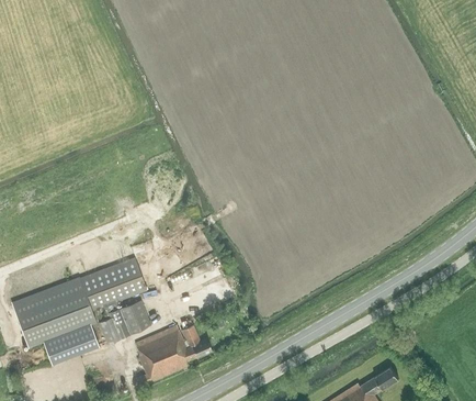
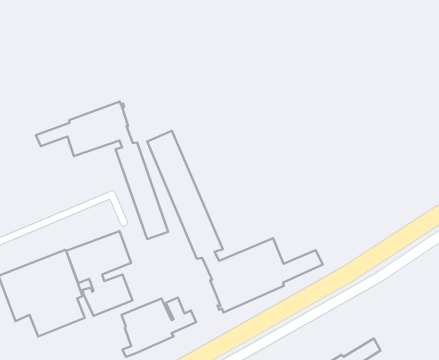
building: none -> [36,101,168,239]
building: none -> [147,131,323,313]

